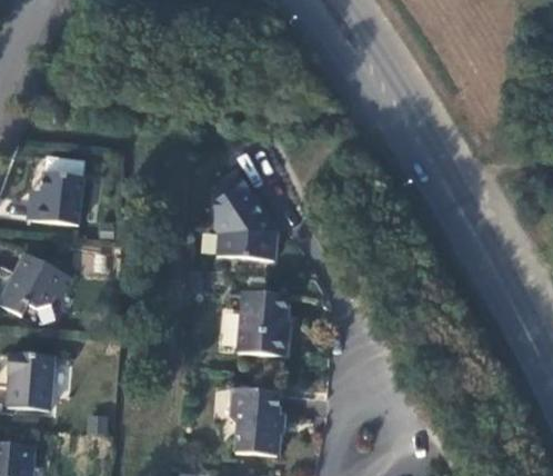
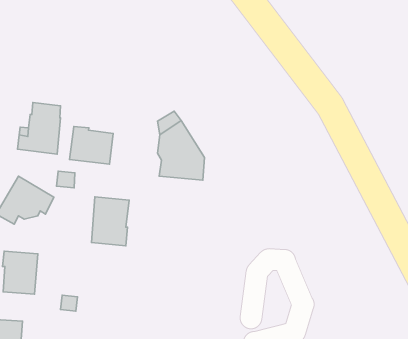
building: none -> [70,126,113,164]
building: [238,290,288,355] -> [91,197,129,246]
building: [230,386,279,456] -> none

